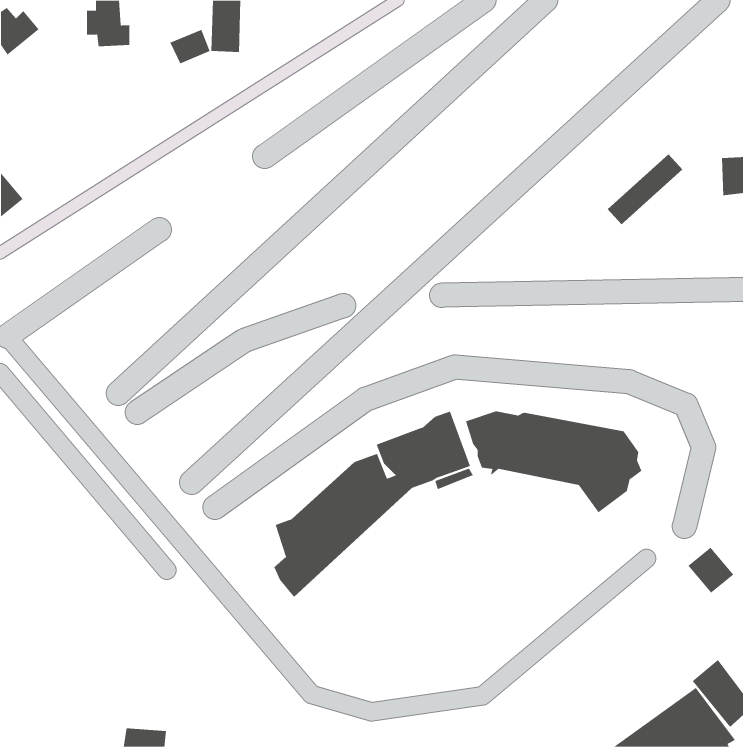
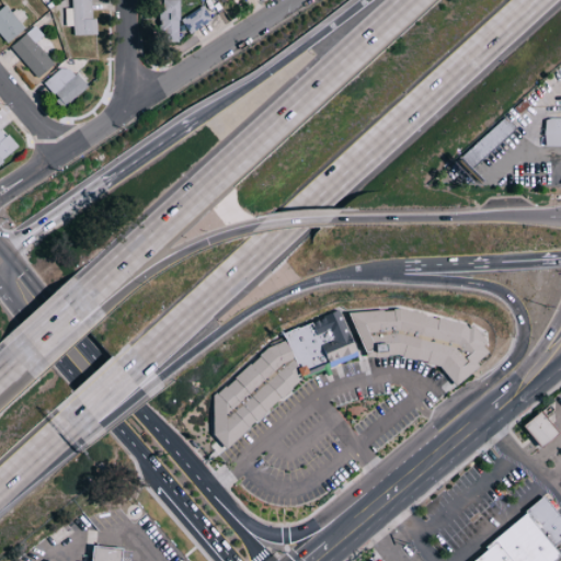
building: [170,29,211,64] -> [184,7,215,33]
building: none -> [13,25,57,79]
building: none -> [48,62,90,105]

